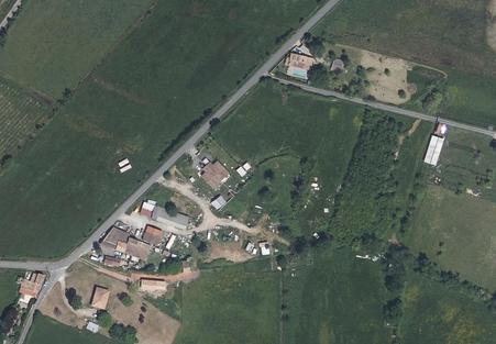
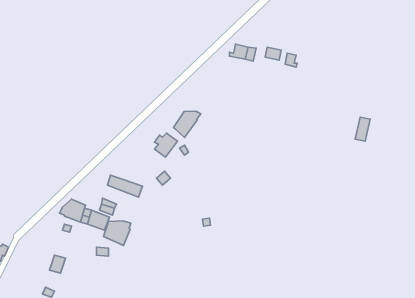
building: none -> [173,111,201,138]
building: none -> [104,221,131,246]

